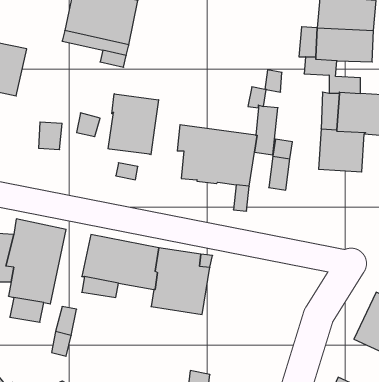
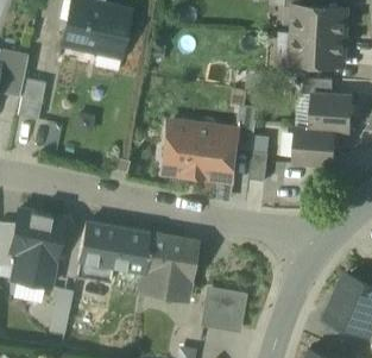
building: none -> [18,78,45,119]
building: [108,94,159,155] -> none
building: none -> [204,290,242,328]

